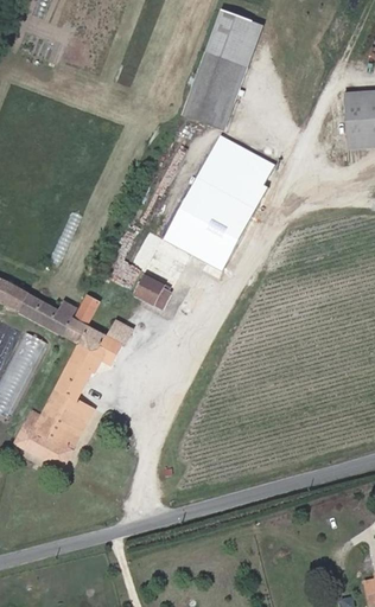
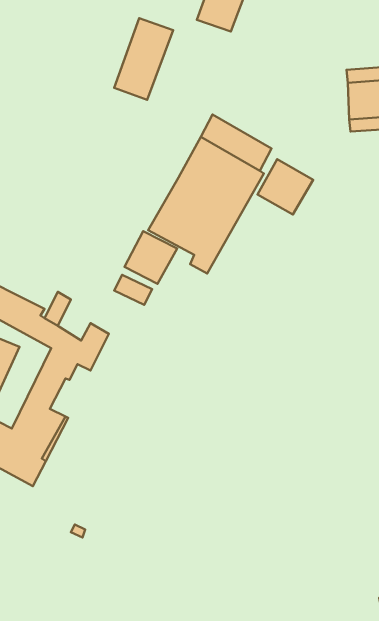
building: [185,47,239,121] -> [114,18,173,100]
building: none -> [257,159,313,215]

